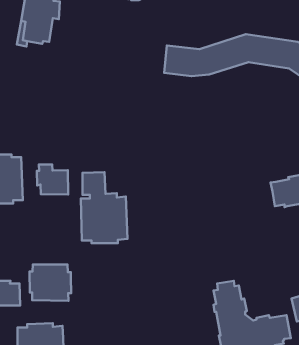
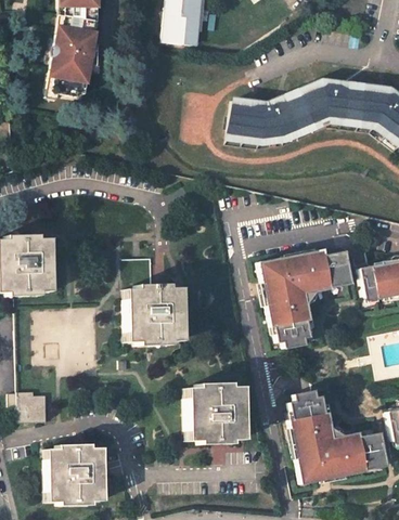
building: [37,164,68,194] -> none
building: none -> [258,250,350,349]
building: [29,264,71,301] -> none
building: none -> [184,381,242,444]

